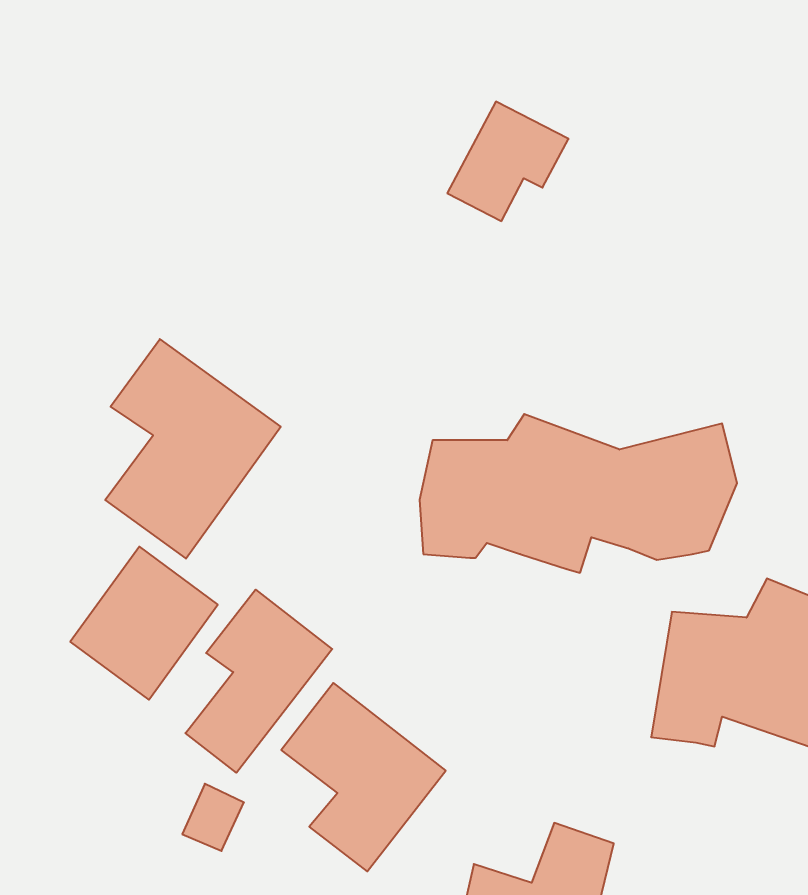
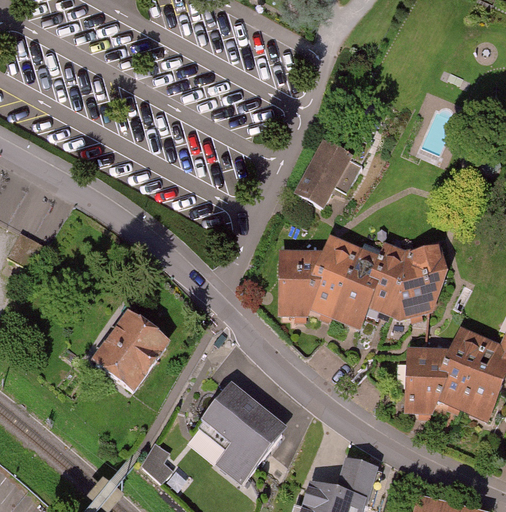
building: [447,102,569,221] -> [298,143,363,207]
building: [105,339,281,559] -> none
building: [185,590,332,773] -> none

